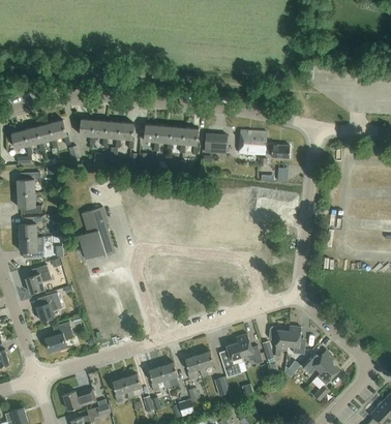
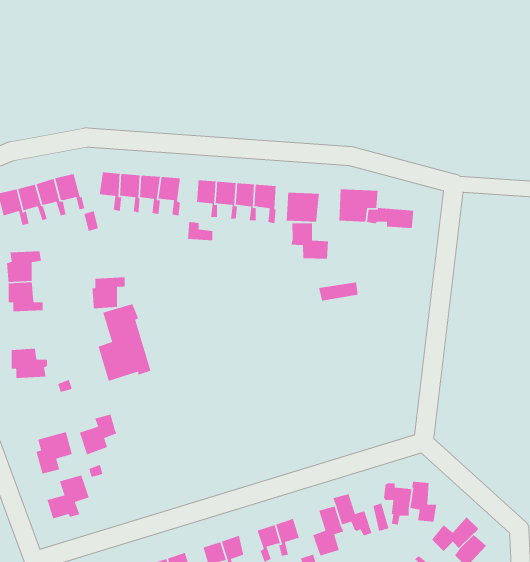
building: none -> [290,222,329,260]
building: [19,217,41,239] -> [91,277,125,309]
building: [25,266,51,294] -> [79,414,117,455]

